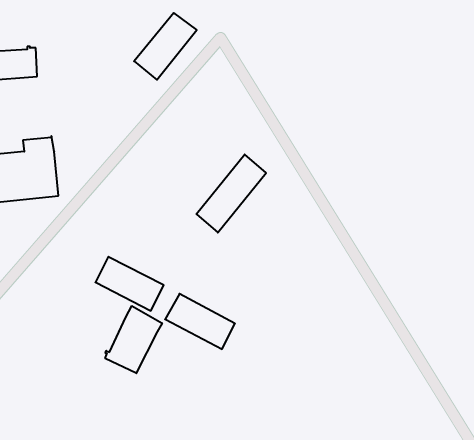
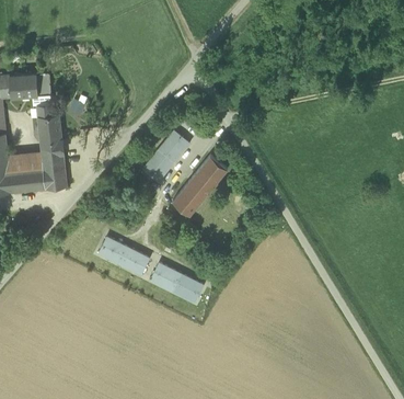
building: [134,13,197,80] -> [141,130,189,182]
building: none -> [36,104,61,144]
building: [105,306,162,373] -> none

